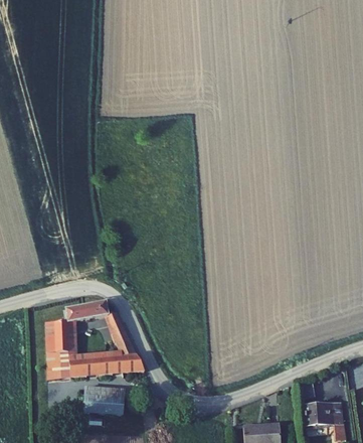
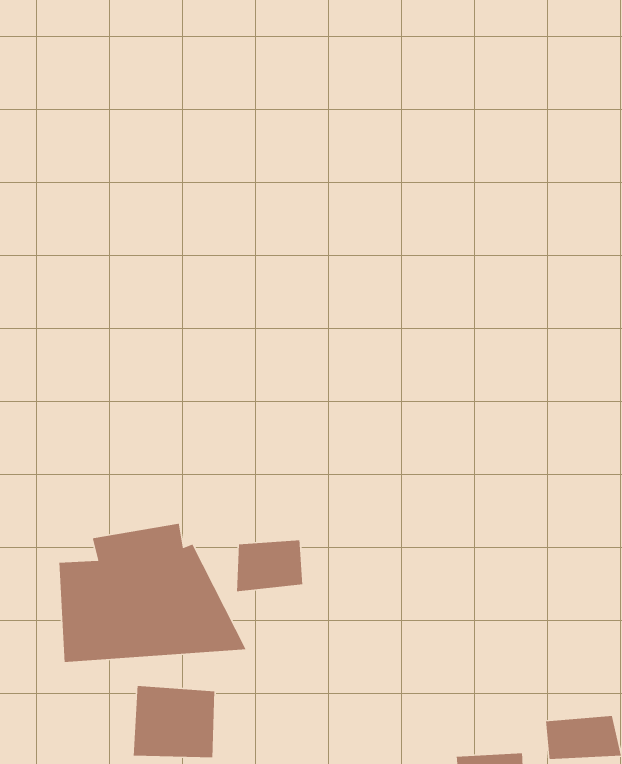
building: none -> [236,539,303,592]

